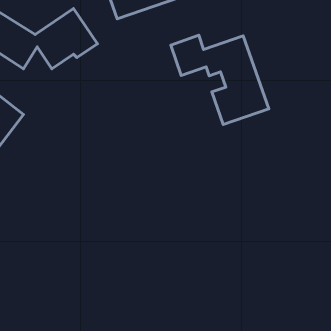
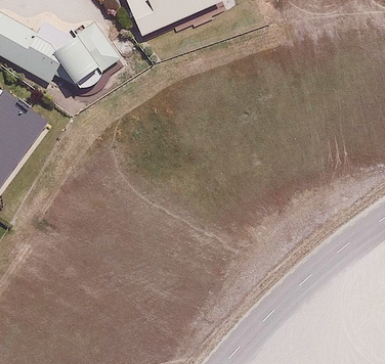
building: [171,35,269,124] -> none

